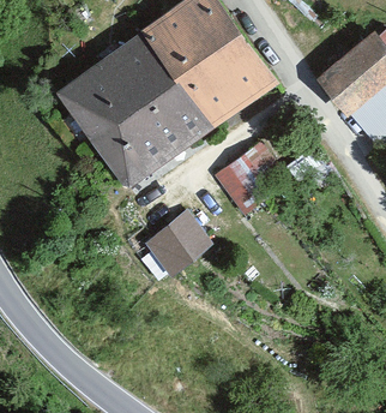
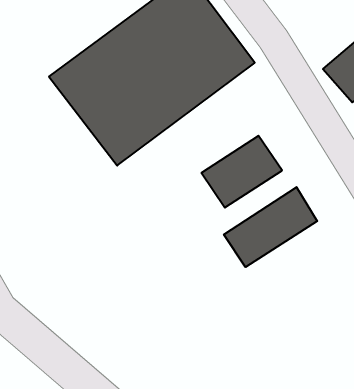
building: none -> [224,187,317,267]
building: [150,217,216,282] -> none

